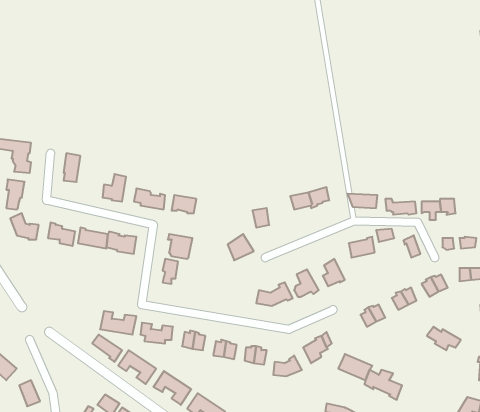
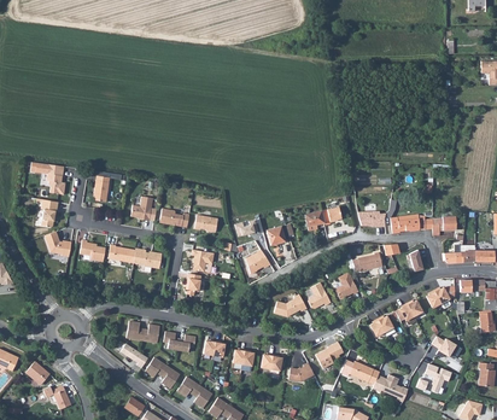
building: none -> [416,363,451,395]

